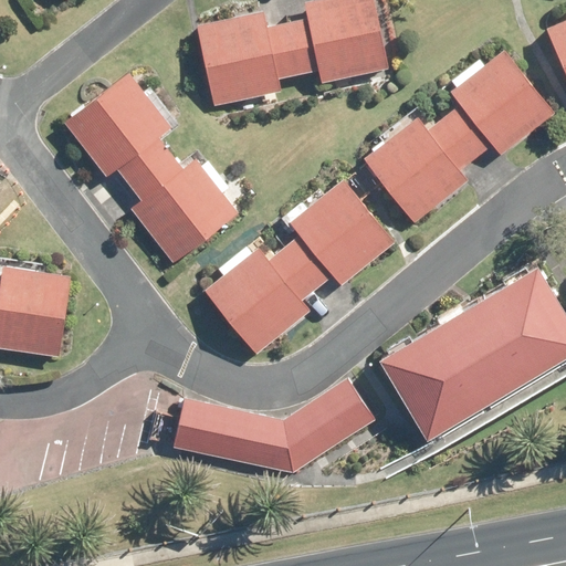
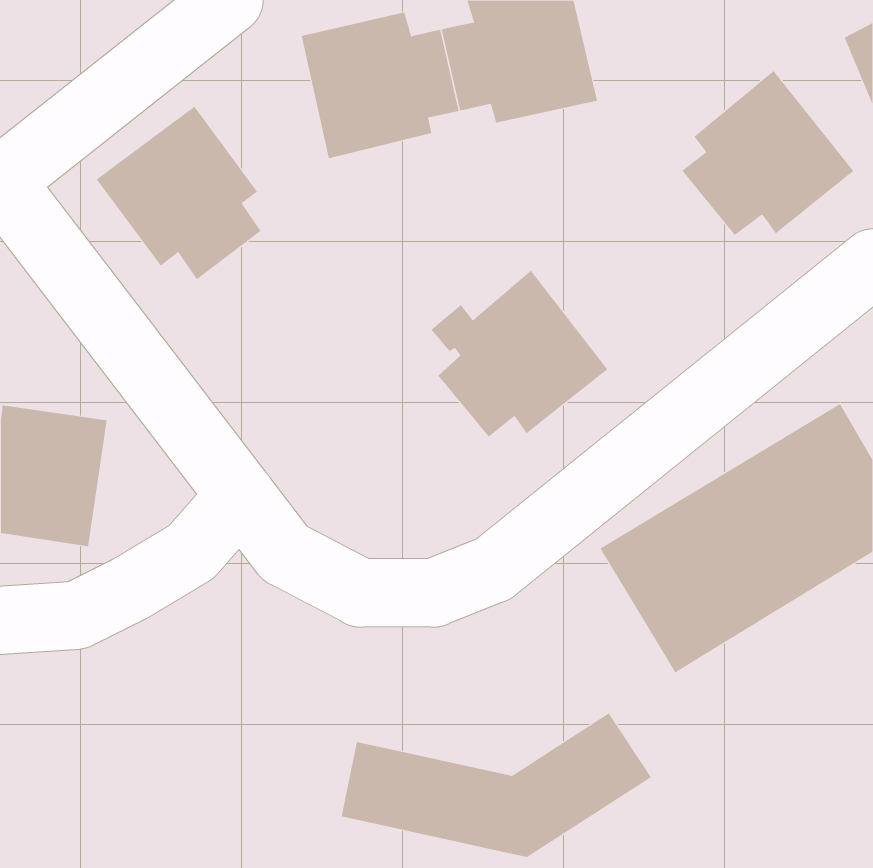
building: [363,114,475,222] -> none
building: [127,153,237,263] -> none
building: [202,247,316,355] -> none
building: [174,380,375,474] -> [341,712,652,858]

